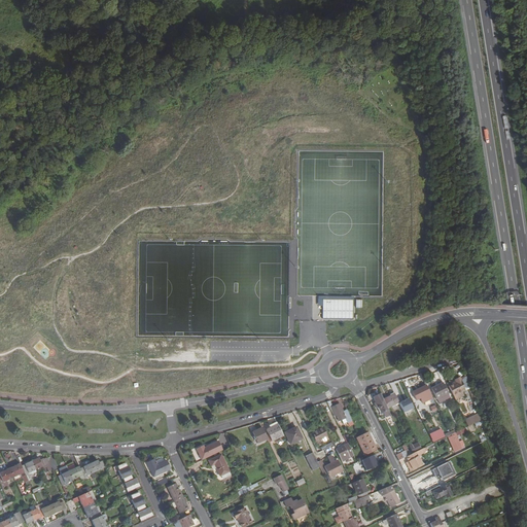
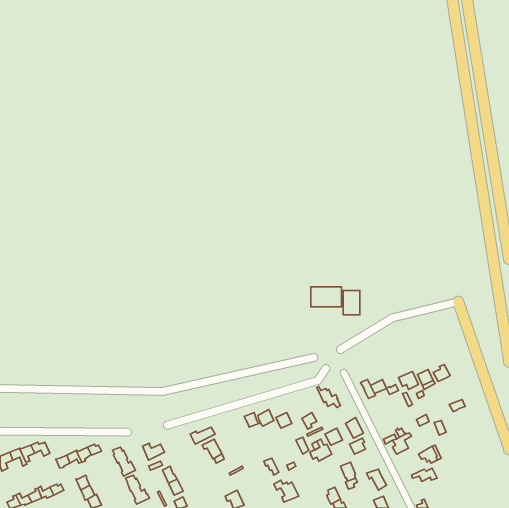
building: none -> [343,291,360,315]

